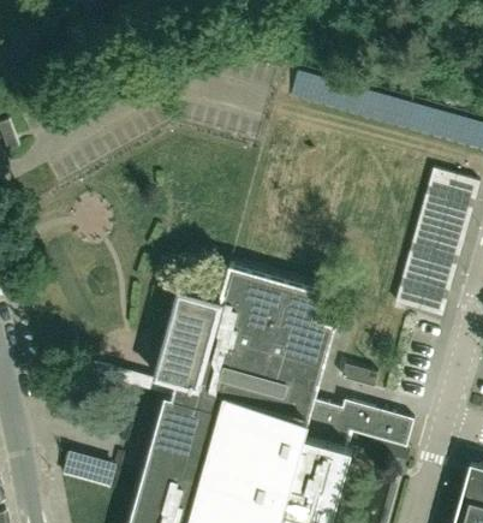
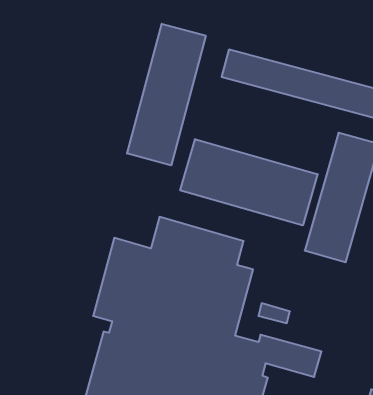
building: none -> [127,24,206,165]
building: none -> [180,139,318,225]

